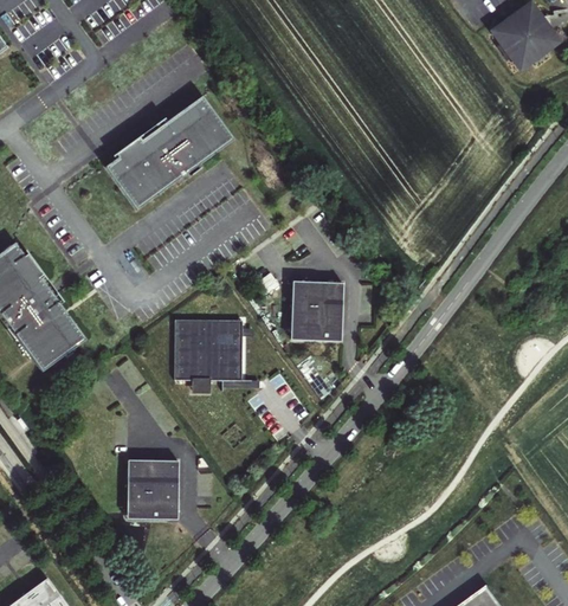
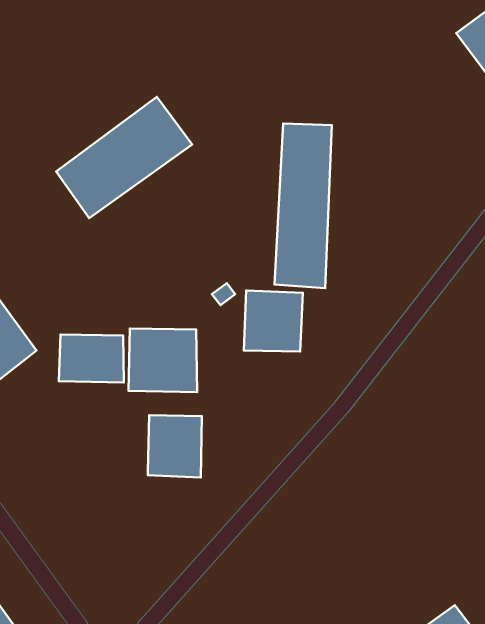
building: none -> [275,123,332,288]
building: none -> [59,334,124,382]
building: [127,460,179,521] -> [148,415,202,478]

